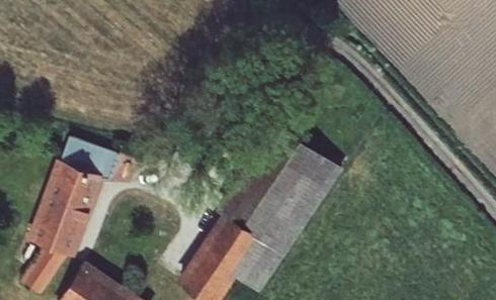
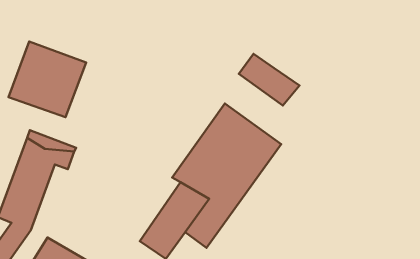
building: none -> [8,41,86,117]
building: none -> [239,54,300,106]

